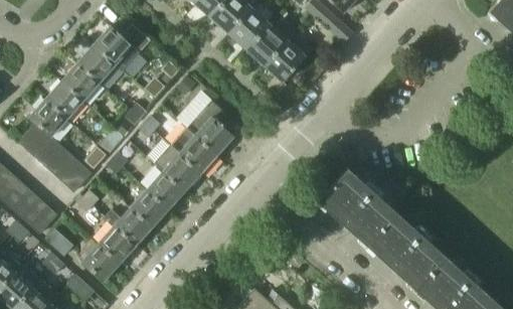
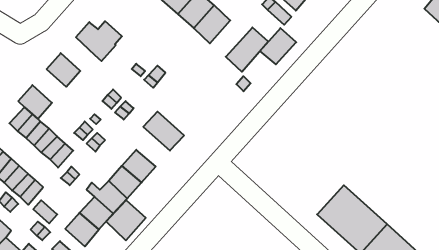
building: [245,25,287,66] -> [260,28,296,64]
building: [76,44,115,83] -> none
building: [44,81,82,119] -> none
building: [186,102,233,156] -> none
building: [154,146,200,191] -> none
building: [318,168,397,246] -> none
building: none -> [106,200,146,240]

